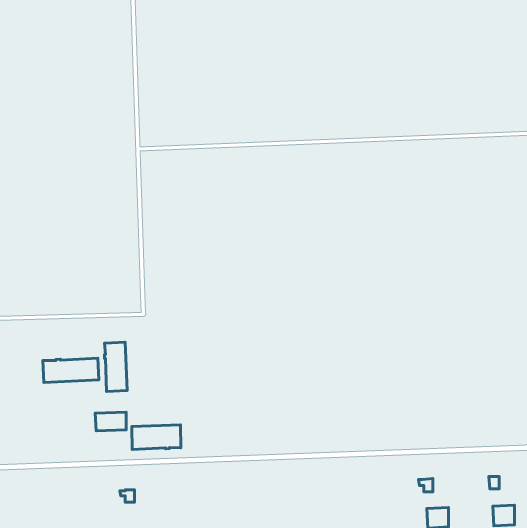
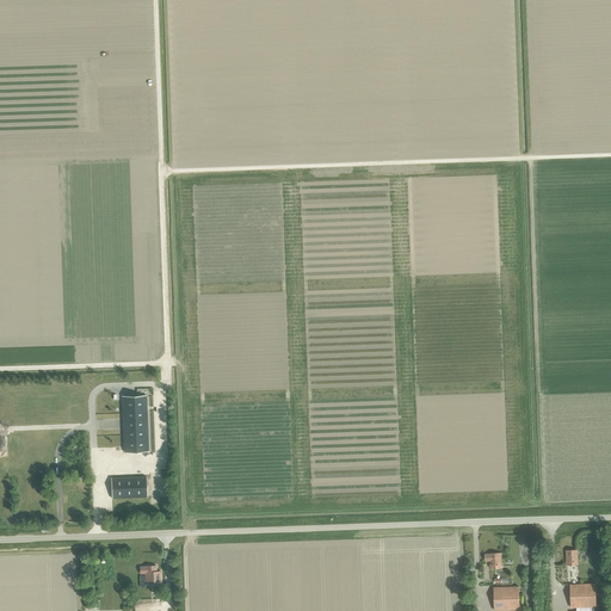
building: [43,358,99,382] -> none
building: [132,425,181,449] -> none

